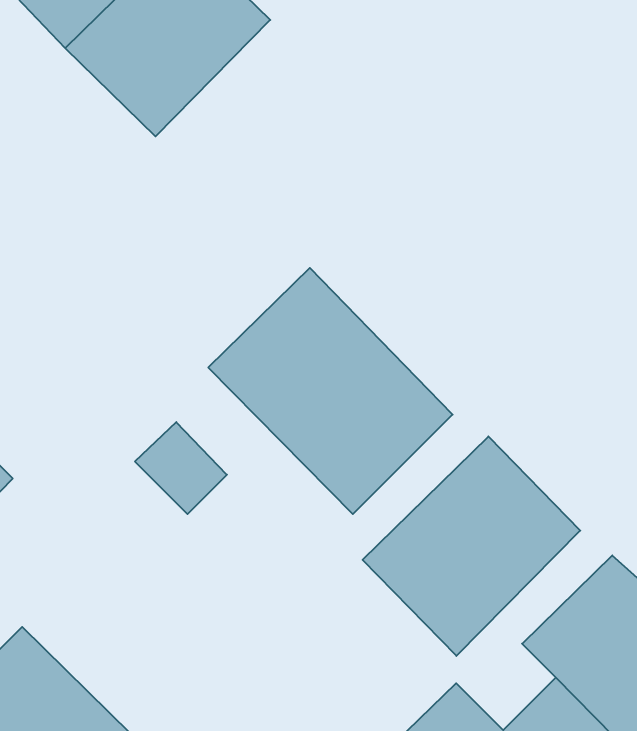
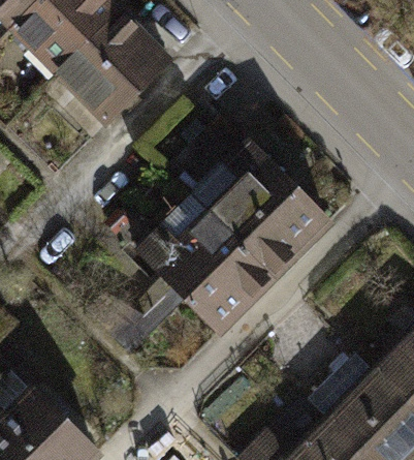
building: none -> [194,144,327,277]
building: [363,436,580,656] -> none

